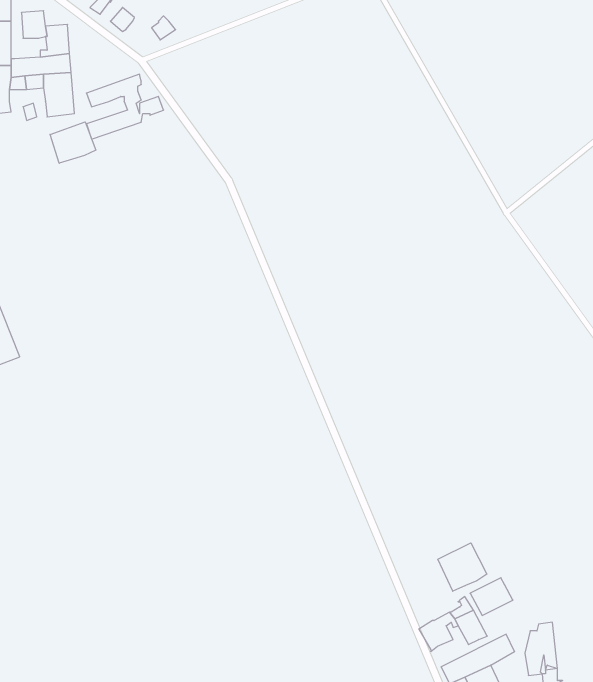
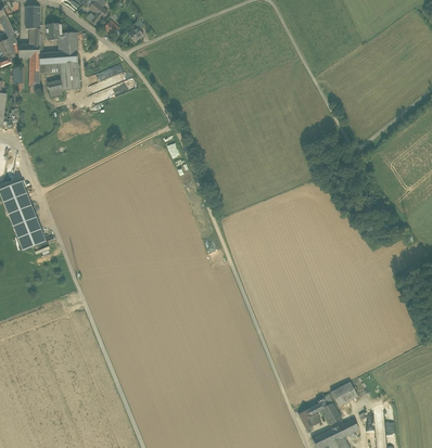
building: [50,122,96,163] -> none
building: [438,543,487,591] -> none

